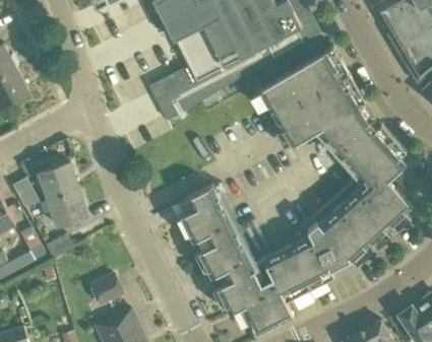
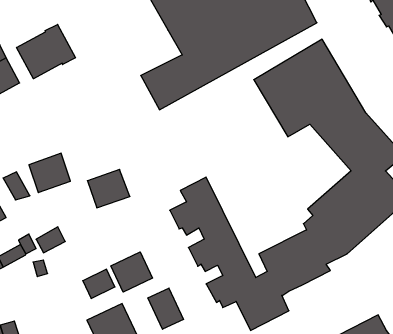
building: none -> [17,24,75,79]
building: [47,189,88,226] -> [87,169,130,208]
building: none -> [111,252,152,292]
building: none -> [148,288,184,329]

